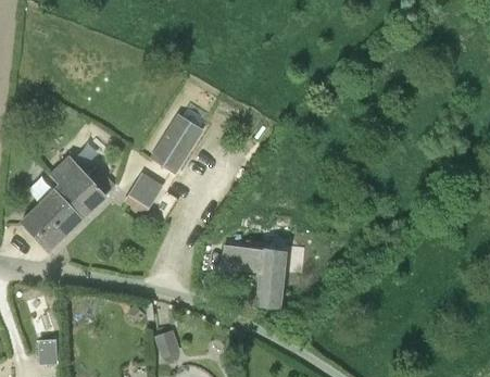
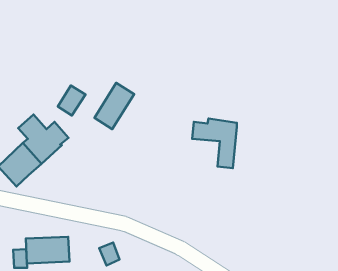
building: [125,175,162,215] -> [58,85,86,116]
building: [224,241,284,307] -> [192,119,237,168]
building: none -> [26,237,70,263]

